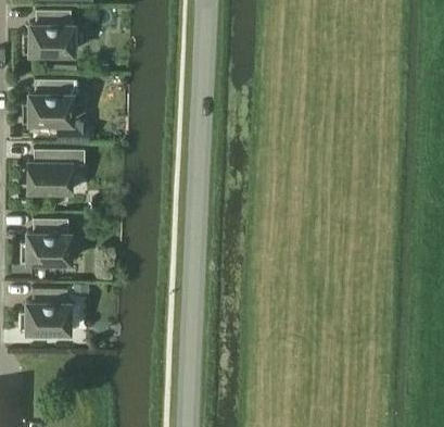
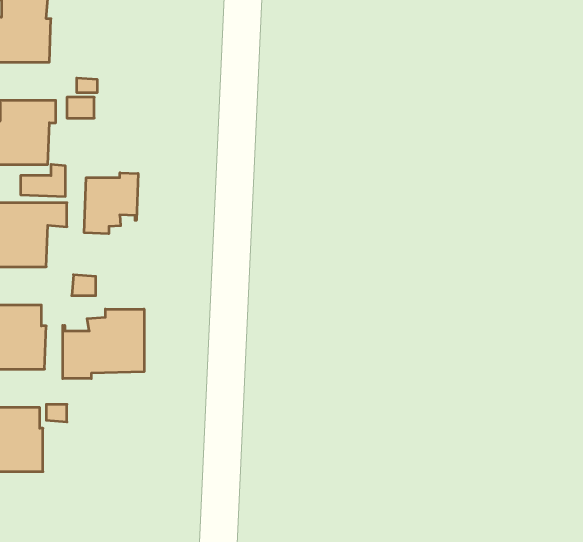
building: none -> [84,173,138,234]
building: none -> [63,309,144,379]

